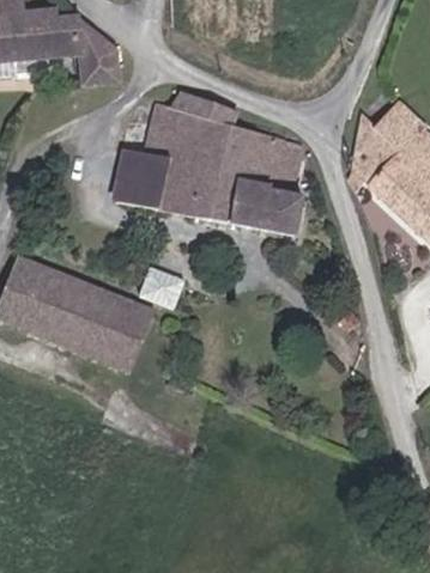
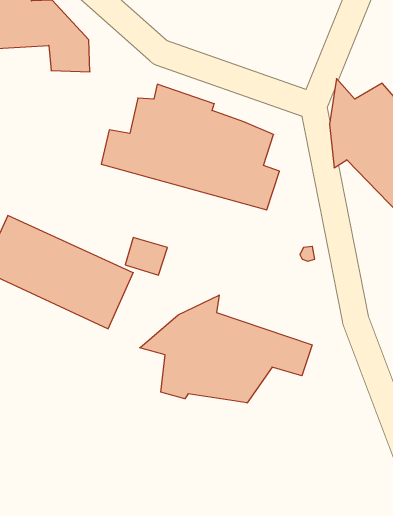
building: none -> [140,295,312,403]

